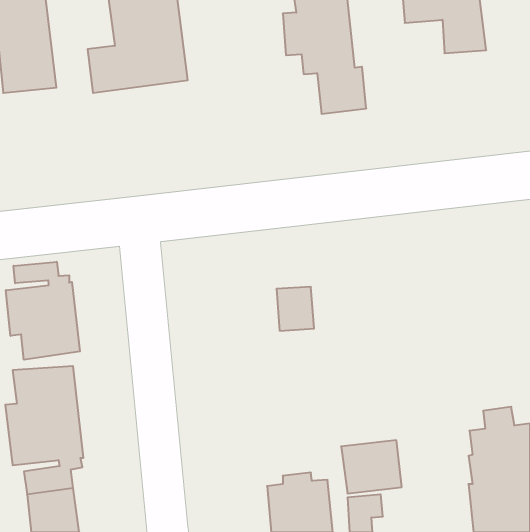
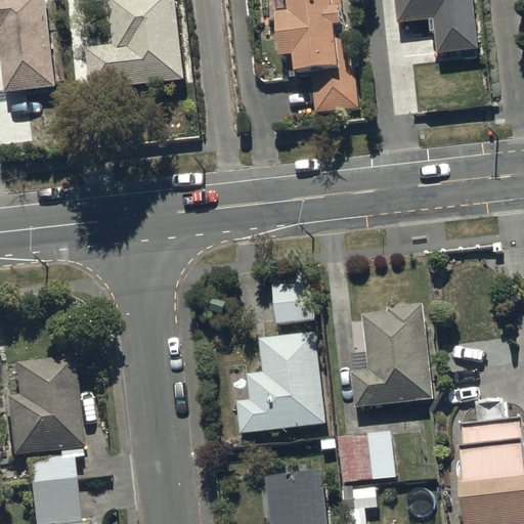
building: [6,262,80,360] -> none
building: none -> [349,305,433,409]
building: none -> [235,333,324,434]

